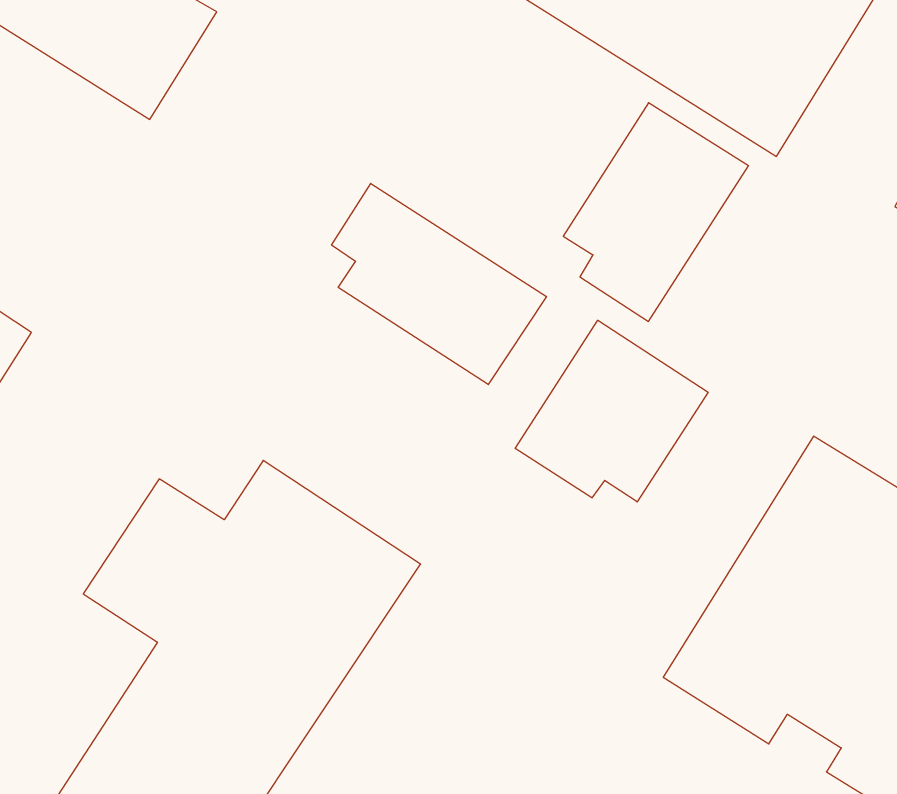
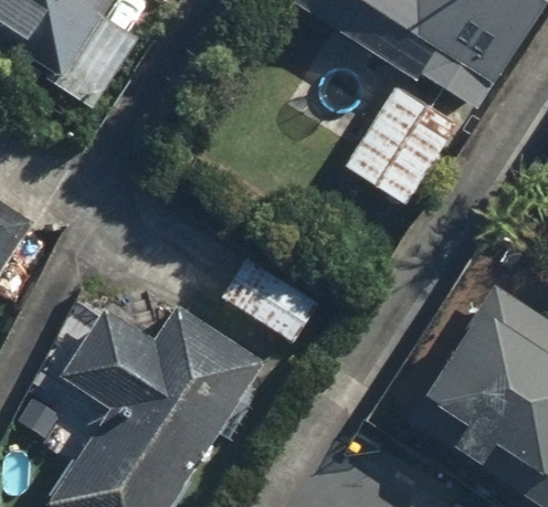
building: [332,183,546,385] -> none
building: [515,320,708,502] -> none

